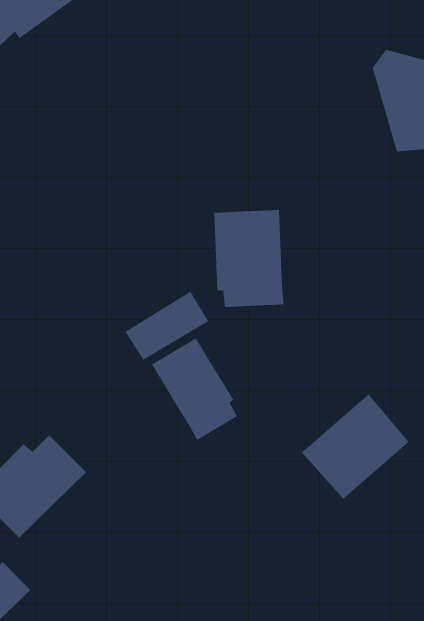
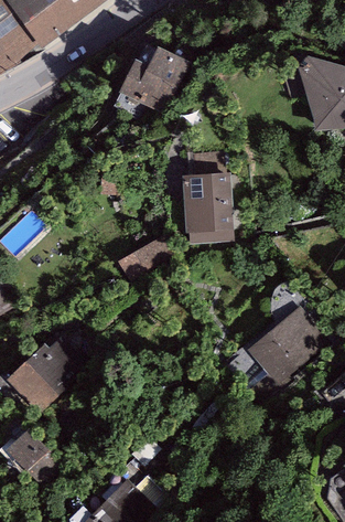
building: none -> [118,45,188,114]
building: [151,337,238,441] -> none

